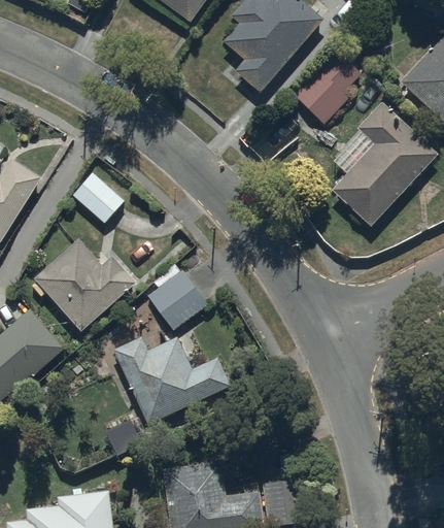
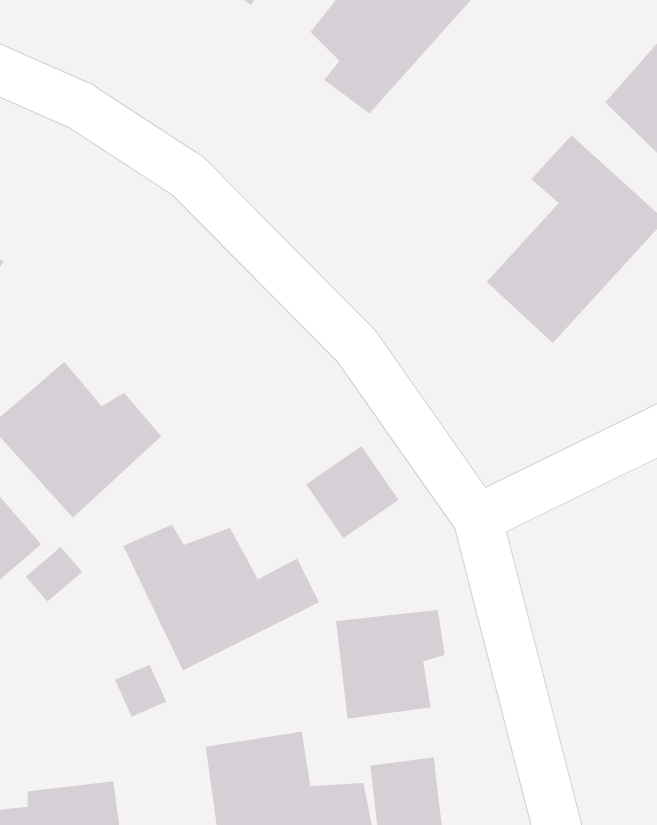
building: [292,51,360,125] -> none
building: [68,171,123,225] -> none
building: [148,271,205,328] -> [305,445,399,539]
building: none -> [336,609,445,719]

